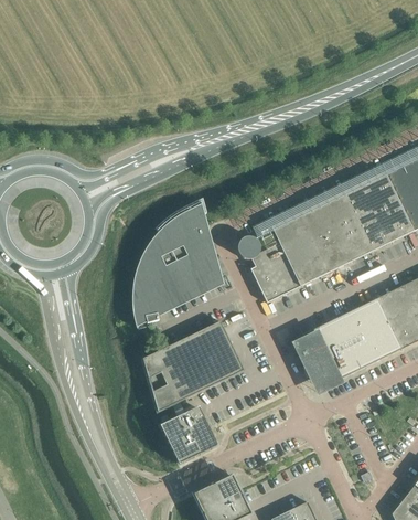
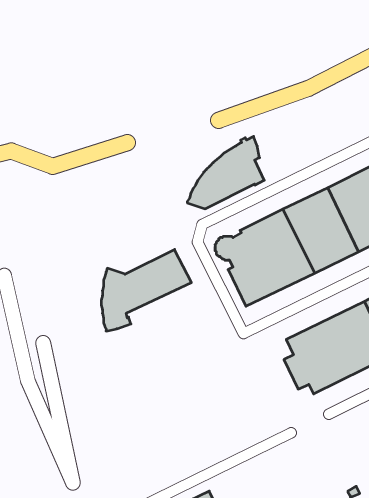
building: [137,205,208,273] -> [187,136,264,209]
building: [142,320,244,412] -> none
building: [160,406,217,464] -> none

